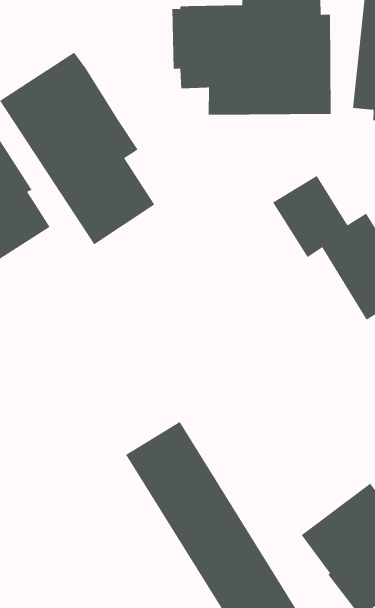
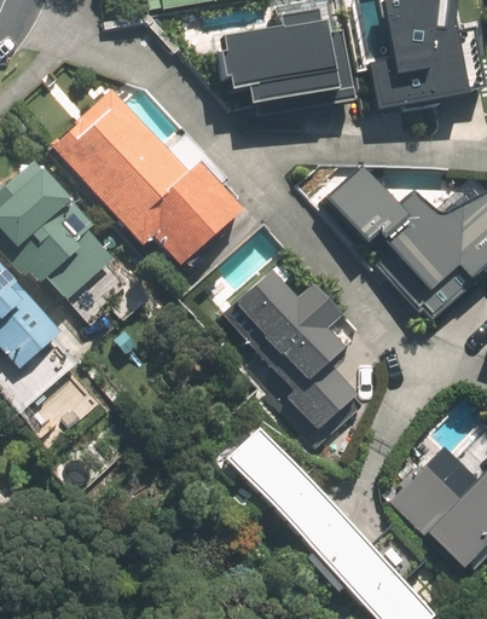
building: none -> [236,273,355,432]

